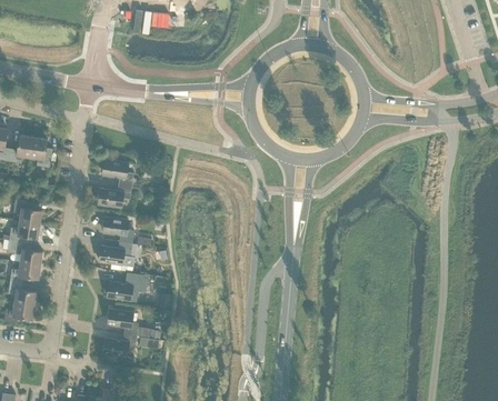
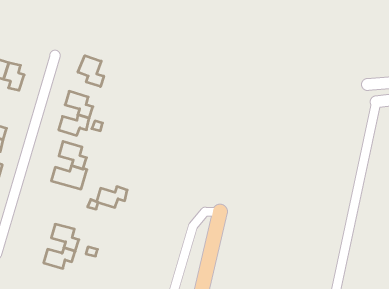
building: none -> [78,56,104,87]
building: [109,277,141,300] -> [97,187,127,207]

